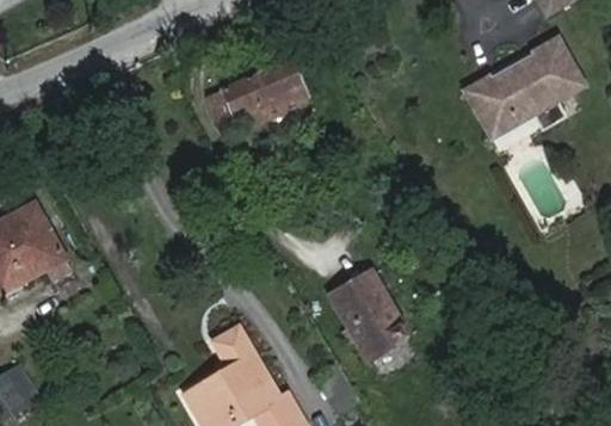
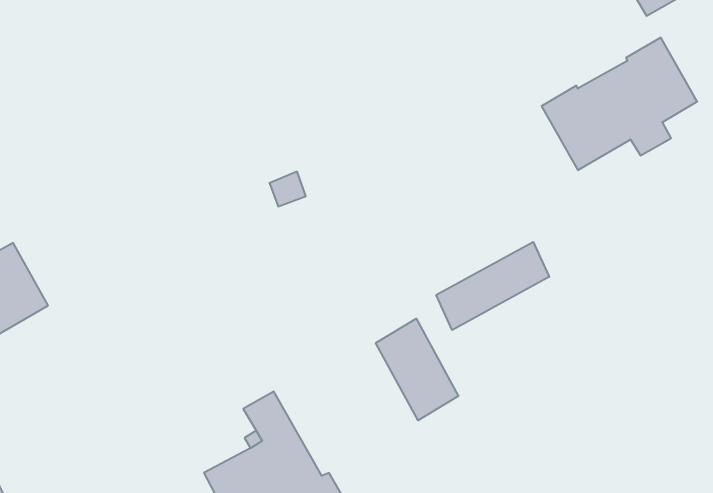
building: [205,62,303,138] -> none
building: none -> [436,242,549,330]

